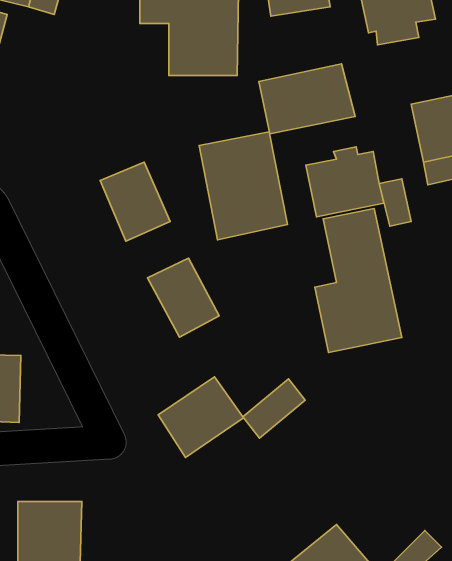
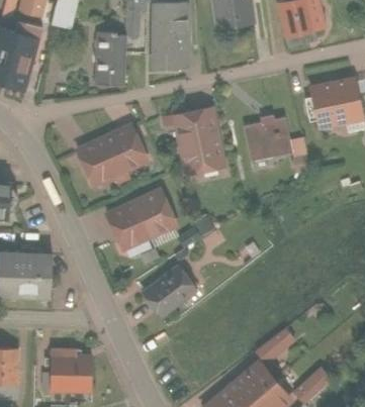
building: none -> [96,32,127,83]
building: [259,64,355,134] -> none
building: none -> [74,136,119,189]
building: [315,209,402,353] -> none
building: none -> [106,201,155,255]
building: [243,379,305,438] -> [252,325,293,365]

